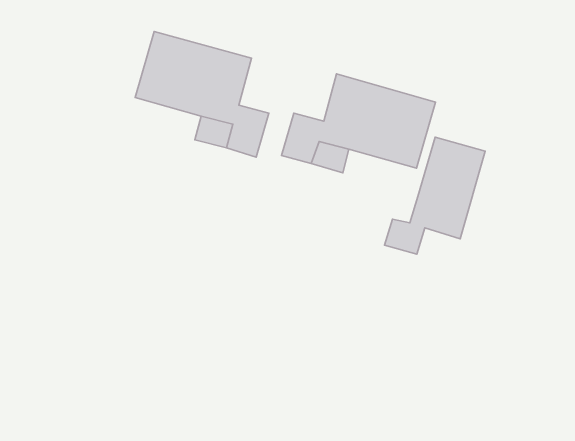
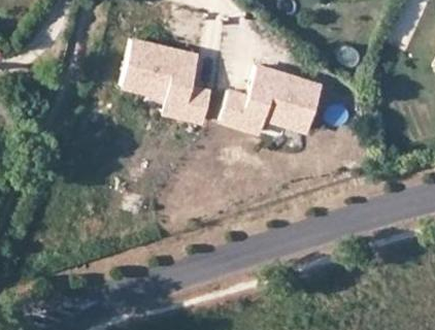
building: [385,137,485,254] -> none

